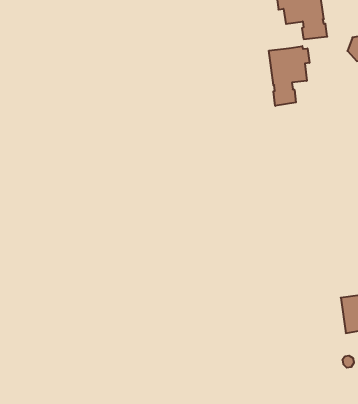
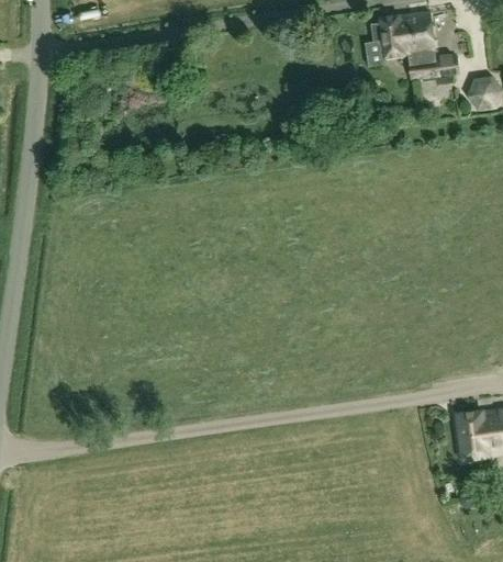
building: [269,46,309,106] -> none

